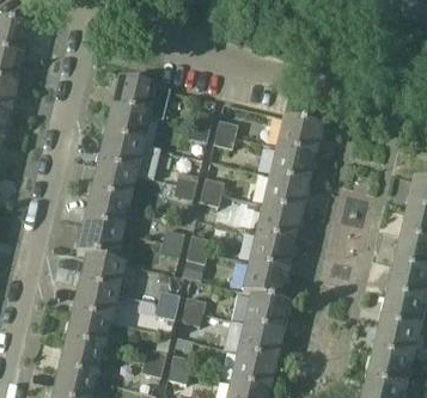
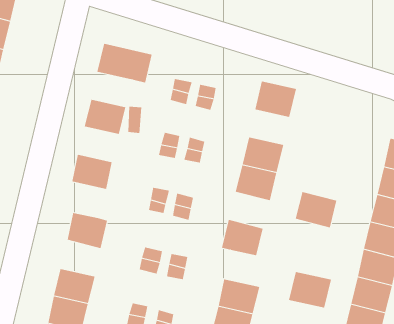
building: [105,108,148,145] -> none
building: [270,147,313,184] -> none
building: [91,165,135,202] -> none
building: [78,222,122,261] -> none
building: [249,233,293,271] -> [295,191,337,228]
building: [73,283,116,322] -> none
building: [244,294,289,332] -> [288,271,332,308]

